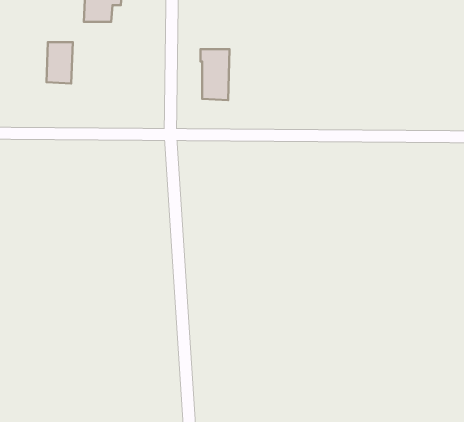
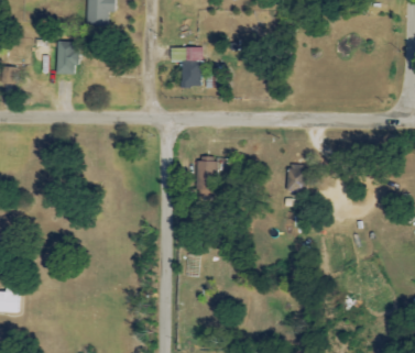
building: none -> [197,158,217,190]
building: none -> [287,164,308,190]

